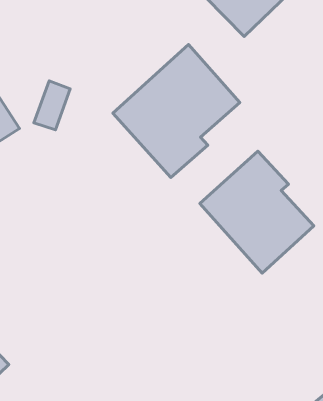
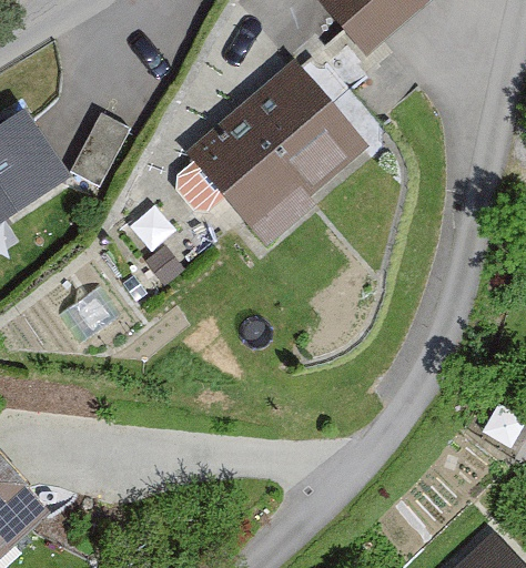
building: [200,151,314,273] -> none

